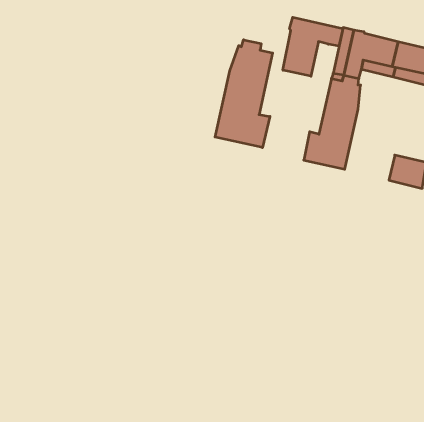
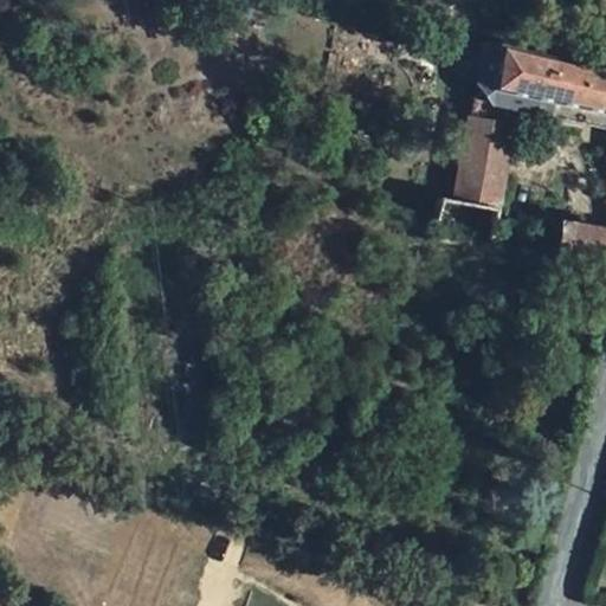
building: [283,17,343,76] -> none
building: [215,40,273,148] -> none

